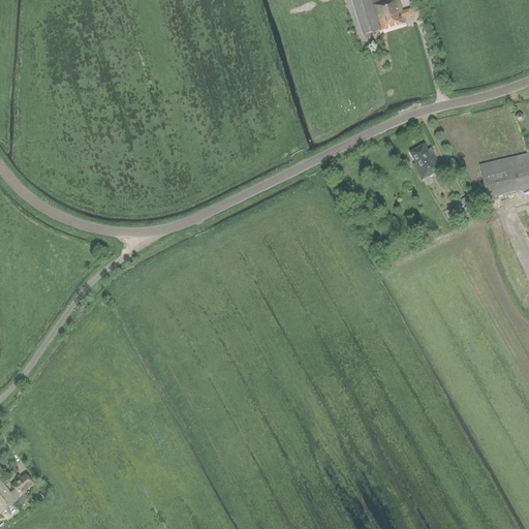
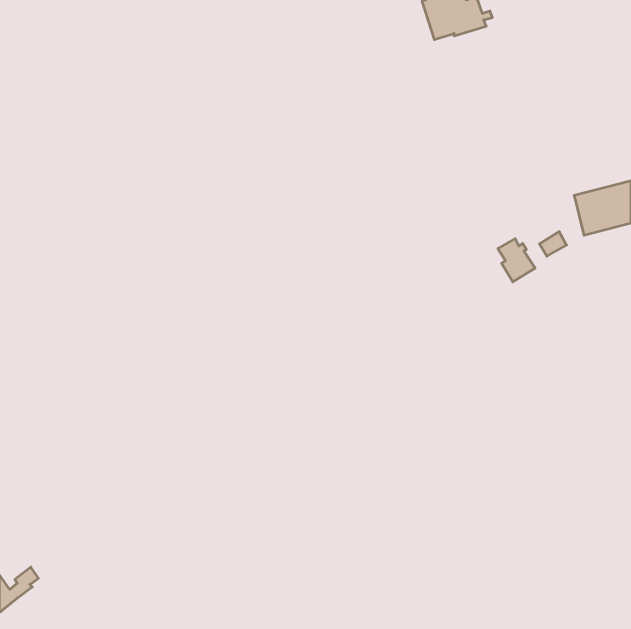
building: [409,143,440,179] -> [498,239,535,282]

